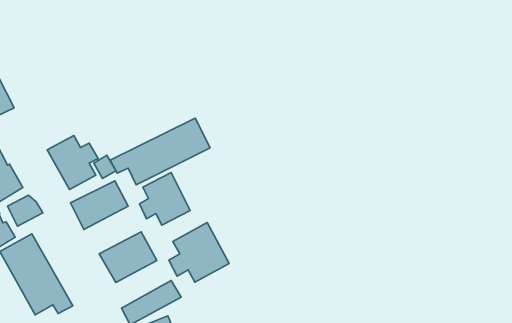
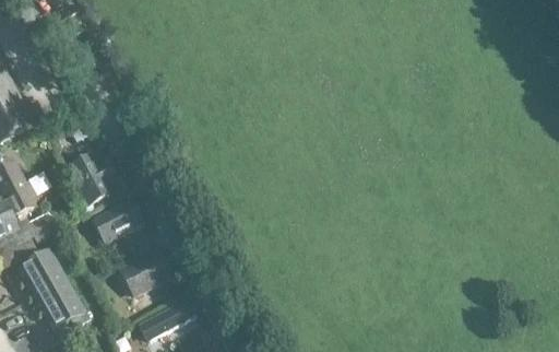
building: [110,118,210,185] -> none
building: [139,173,190,225] -> none
building: [169,223,229,282] -> none

